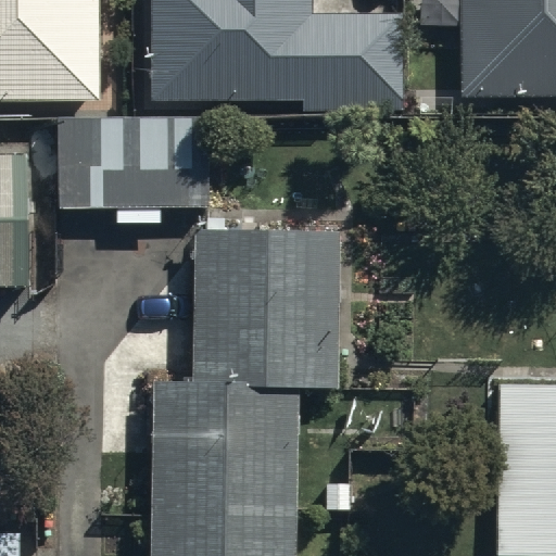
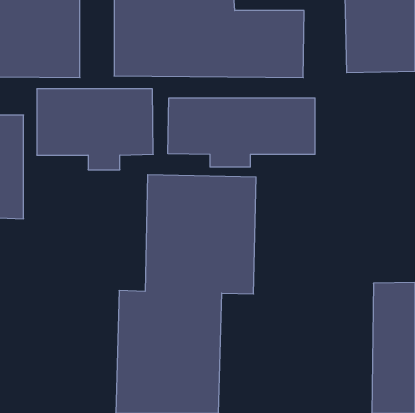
building: none -> [168,98,315,167]

